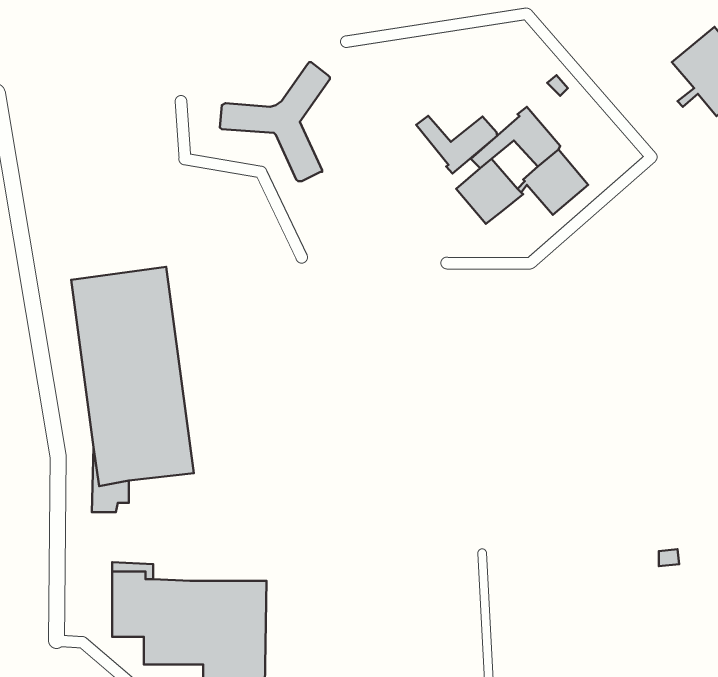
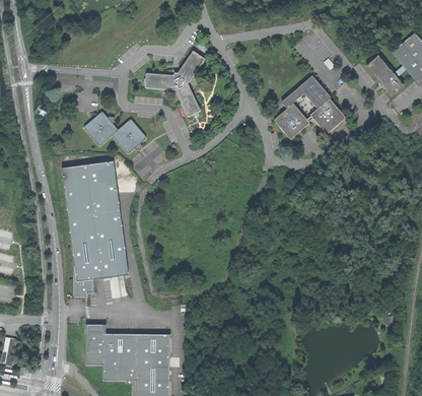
building: none -> [365,53,404,94]
building: [416,116,497,173] -> none
building: none -> [83,112,145,153]

